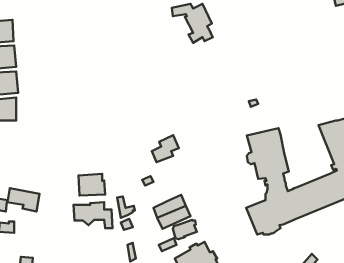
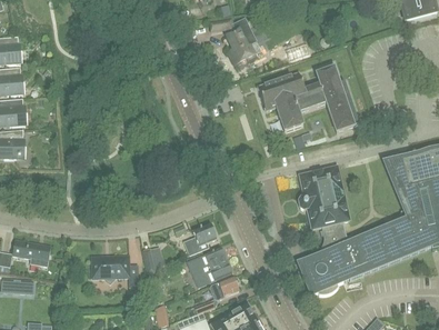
building: none -> [258,67,359,131]
building: [152,135,179,162] -> [183,222,216,254]
building: [79,174,105,196] -> none

